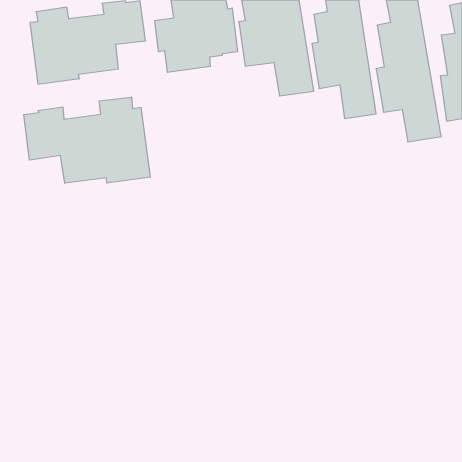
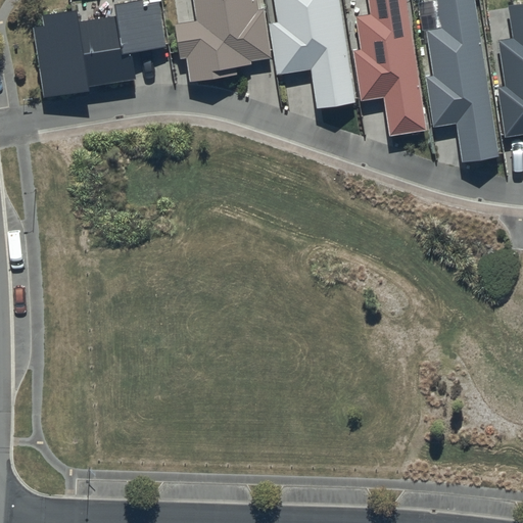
building: [24,97,150,183] -> none

